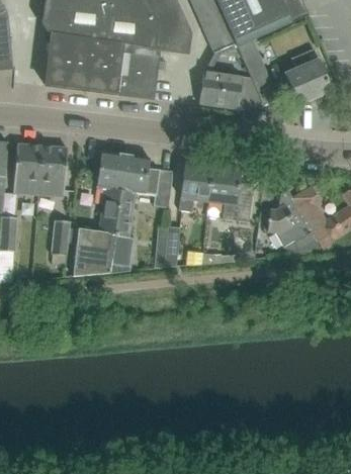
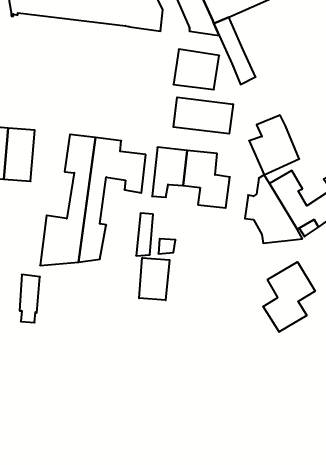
building: [46,36,158,98] -> none
building: [284,49,332,105] -> [249,115,299,175]
building: none -> [173,97,233,134]
building: [51,219,70,265] -> [20,275,40,323]
building: none -> [139,258,170,300]
building: none -> [263,262,315,332]

